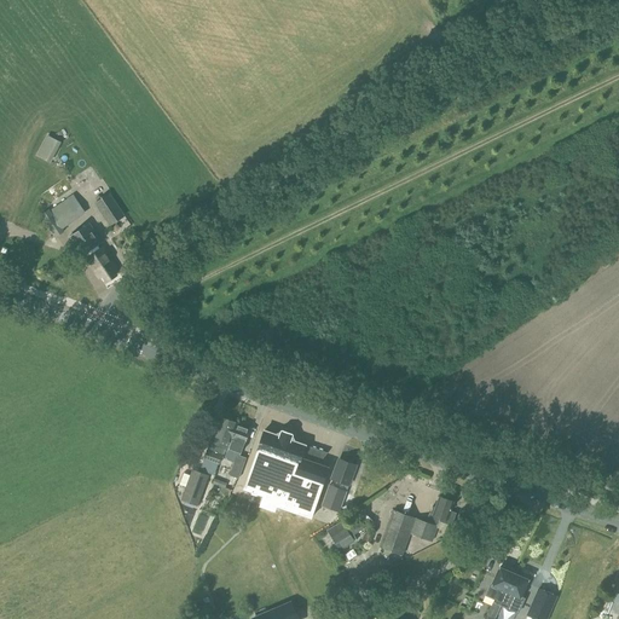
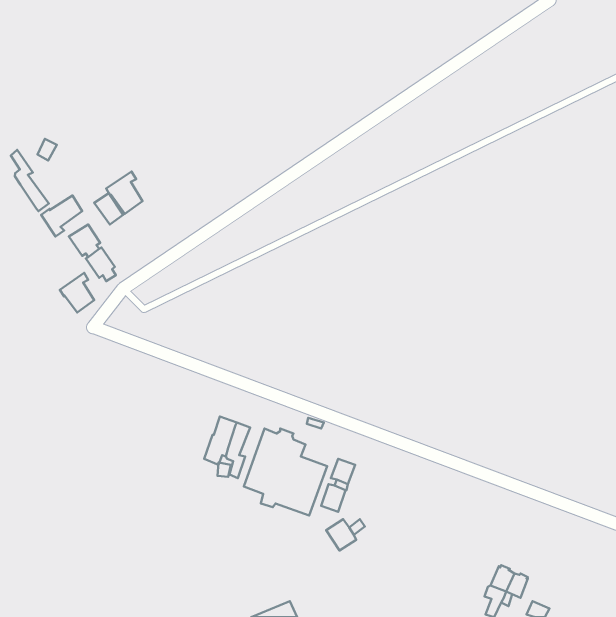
building: none -> [11,150,49,211]
building: none -> [106,172,142,214]
building: none -> [60,273,94,312]
building: [183,470,209,505] -> none
building: [381,496,456,556] -> none

